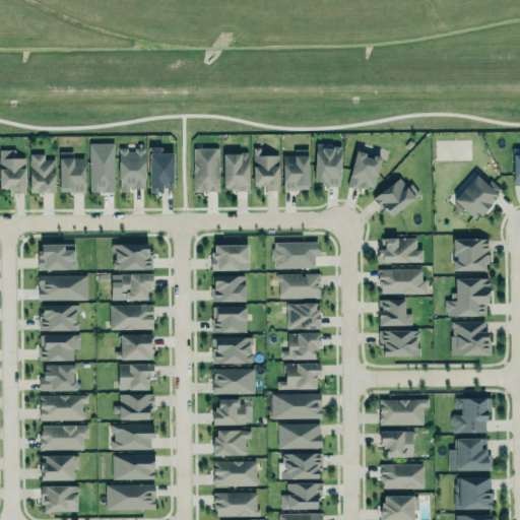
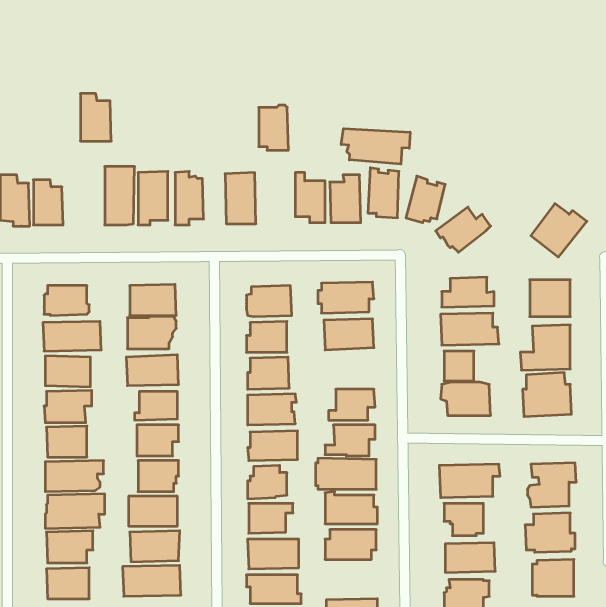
building: none -> [341,129,410,164]
building: [60,152,86,193] -> [80,94,111,141]
building: [225,152,251,191] -> [259,105,288,150]
building: [288,303,321,329] -> none
building: [282,482,323,509] -> none

